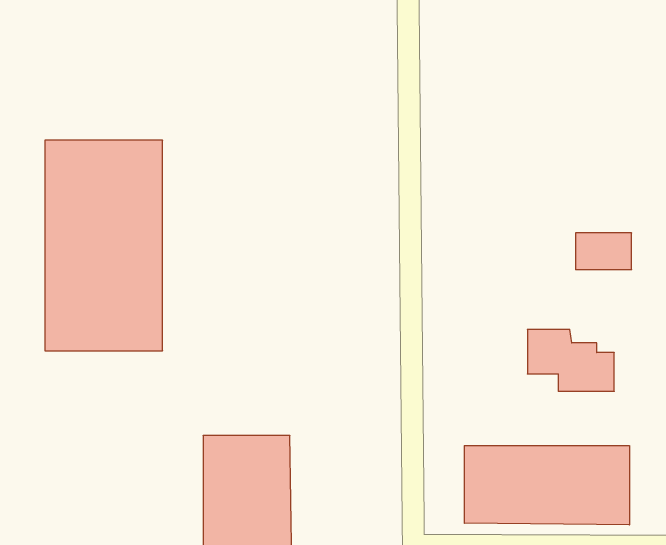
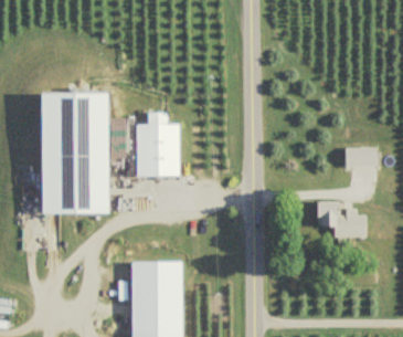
building: none -> [137,114,179,177]
building: [464,446,629,525] -> none

